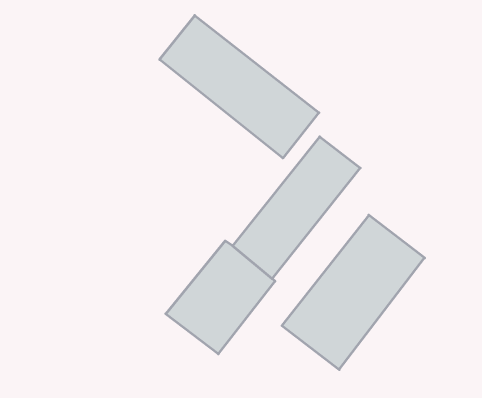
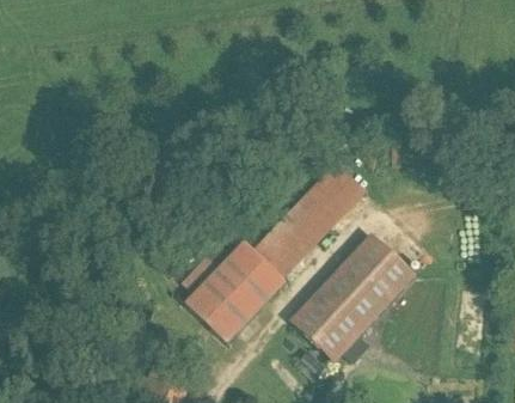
building: [160,15,319,158] -> none

